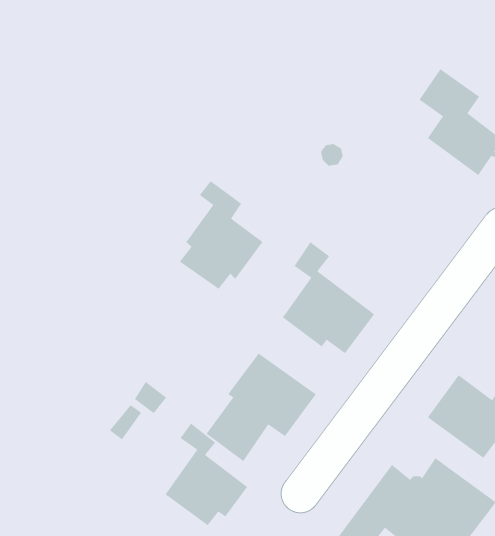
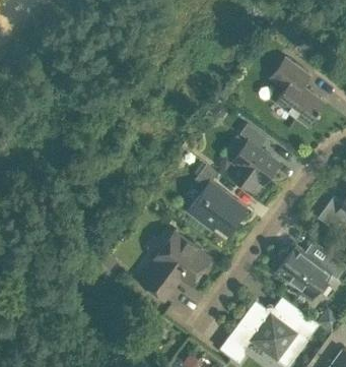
building: [179,180,264,290] -> [228,125,280,192]
building: [164,423,248,526] -> none

